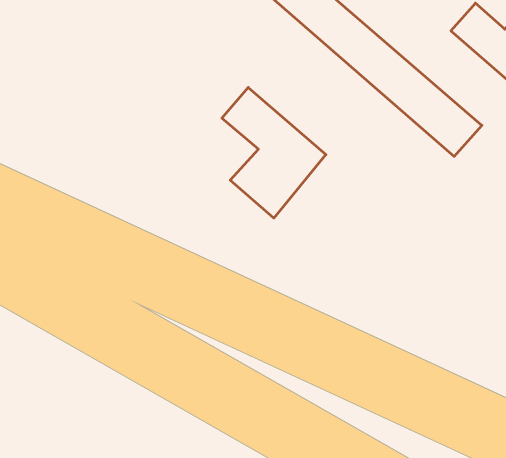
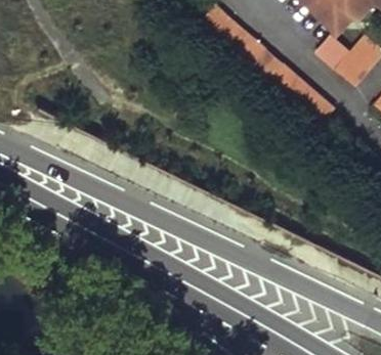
building: [222,87,326,218] -> none

